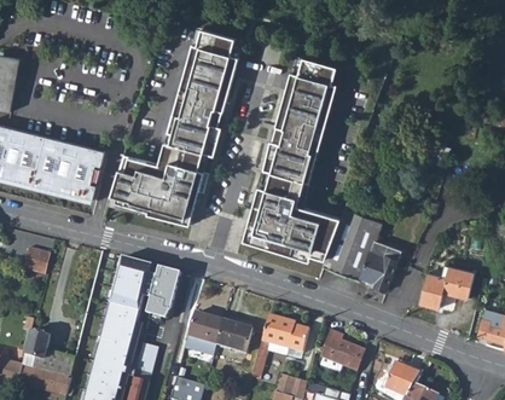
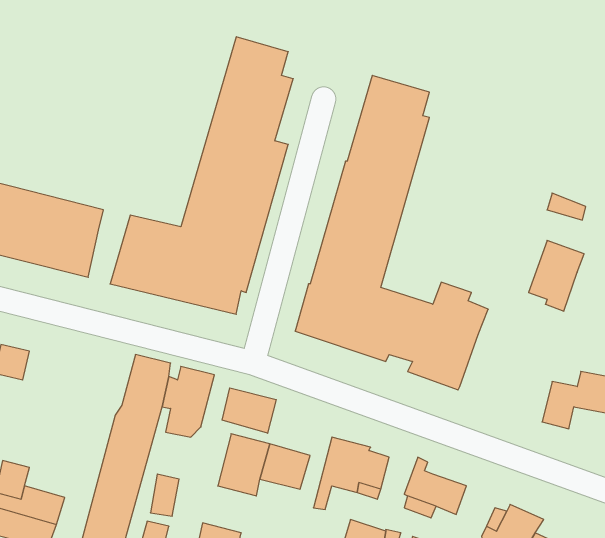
building: [359,240,399,291] -> [529,240,584,311]
building: none -> [222,388,276,433]

